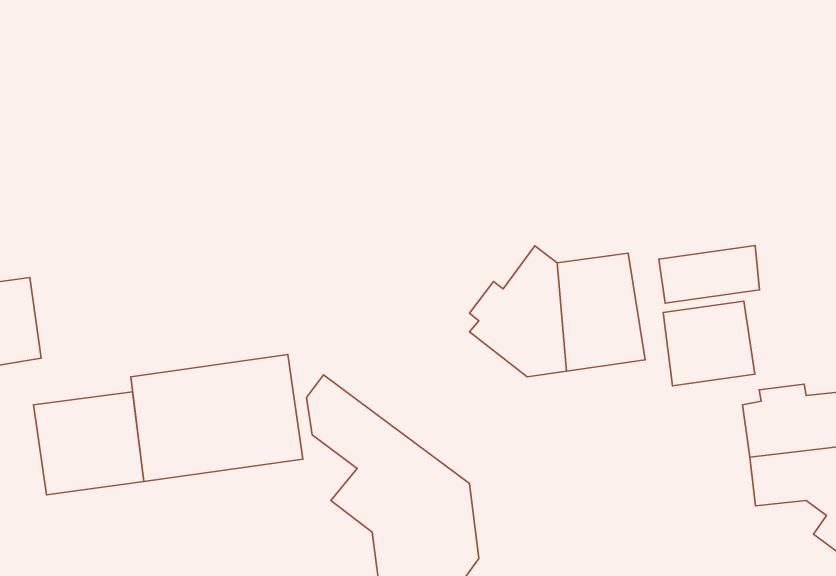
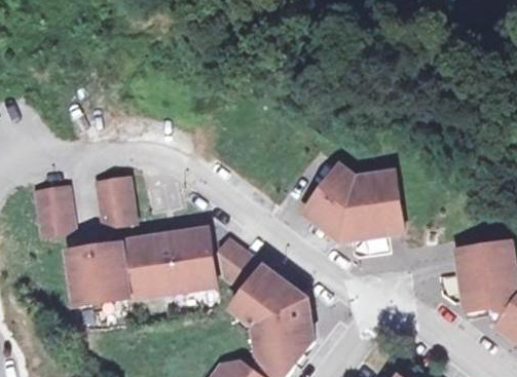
building: [659,245,760,303] -> none
building: none -> [97,178,134,226]
building: [663,301,755,386] -> none

